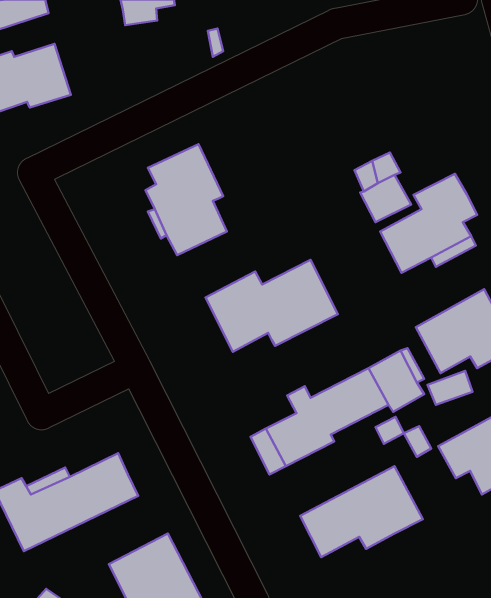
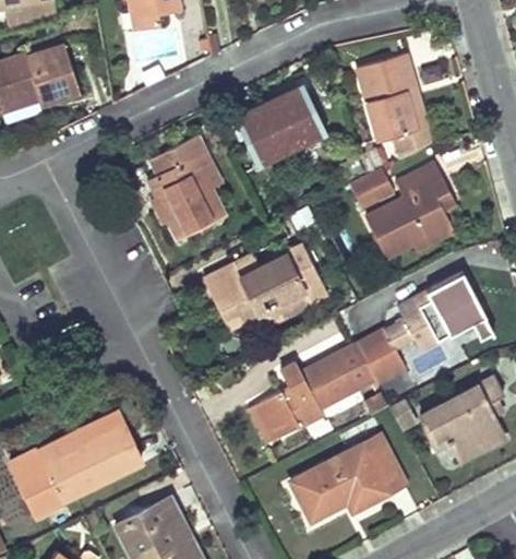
building: none -> [358,52,431,155]
building: none -> [237,94,324,164]

